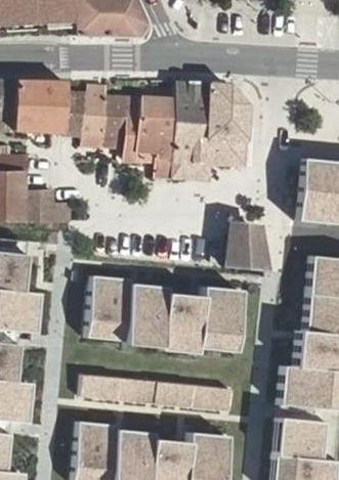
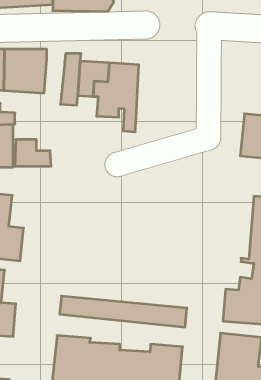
building: [175,81,250,166] -> none
building: [66,92,90,134] -> none
building: [228,226,268,270] -> none
building: [90,275,245,355] -> none

